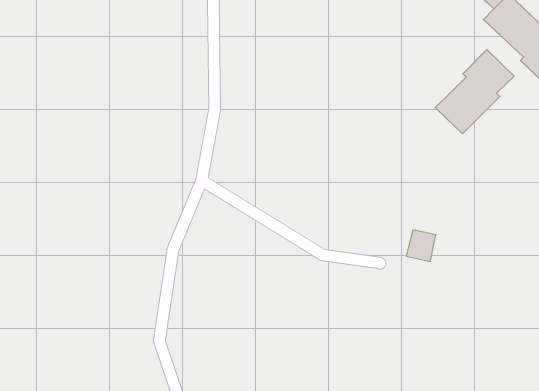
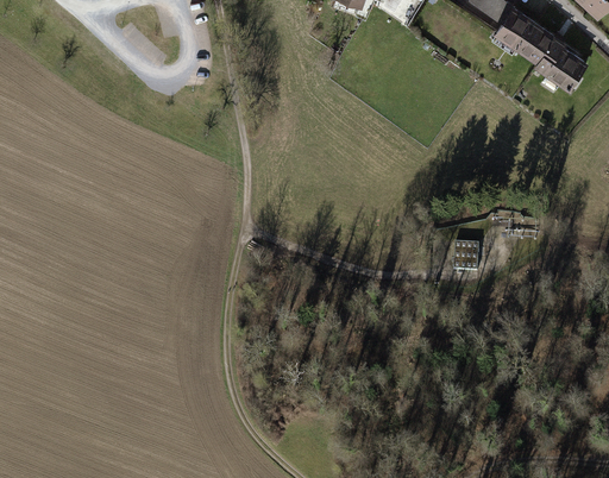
building: [435,50,514,134] -> none

